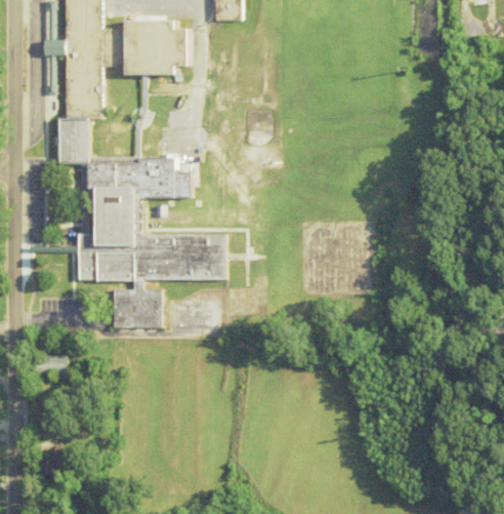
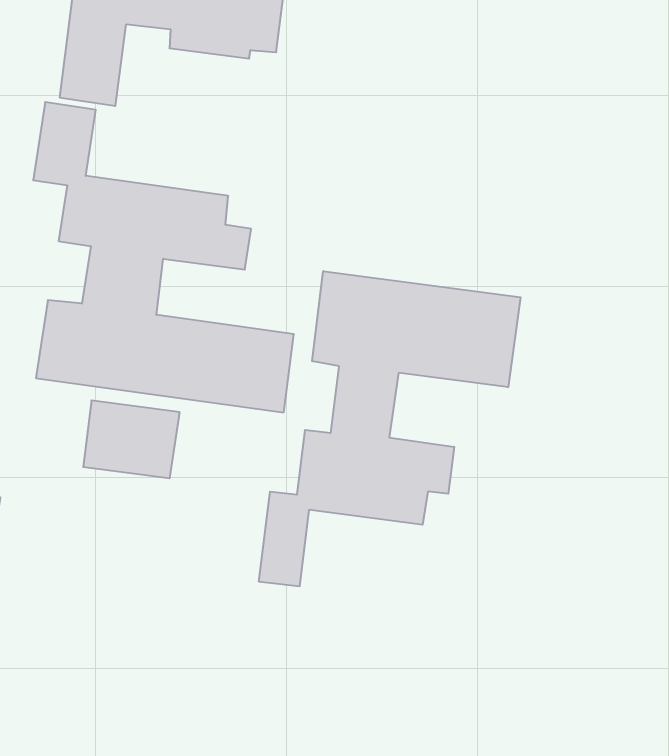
building: none -> [259,271,521,586]

